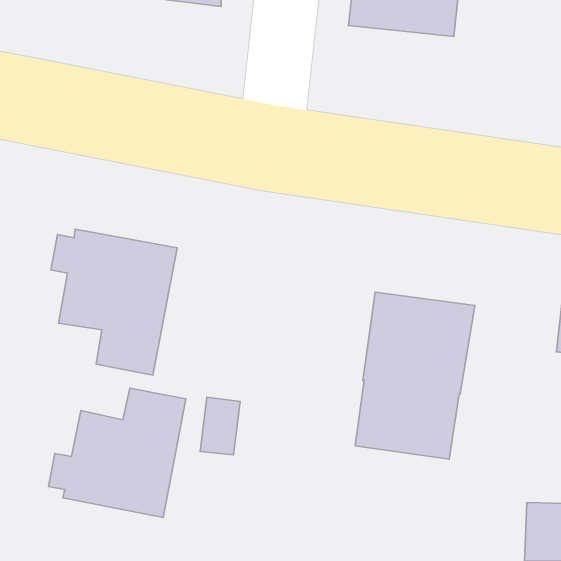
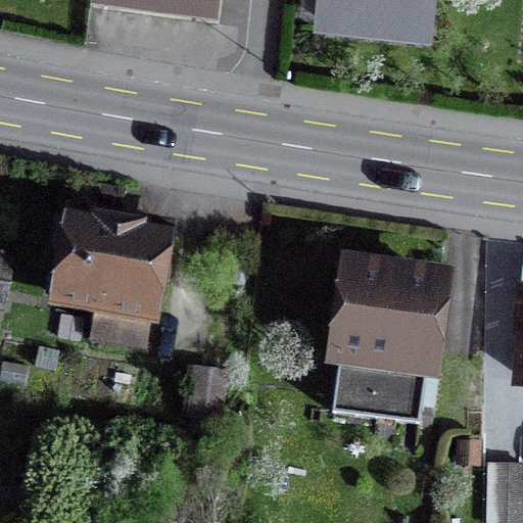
building: [48,388,186,517] -> none

